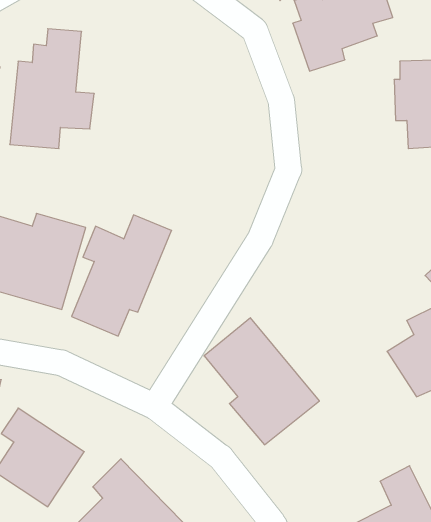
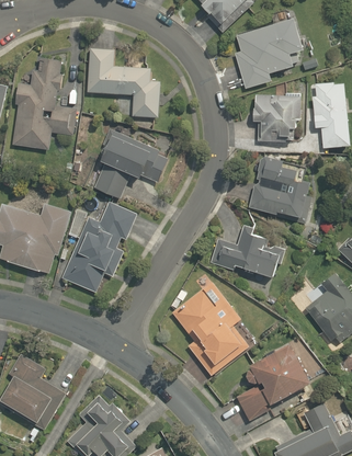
building: none -> [86,49,160,119]
building: none -> [251,94,306,145]
building: none -> [89,132,171,201]
building: none -> [246,155,314,224]
building: none -> [206,227,284,278]
building: none -> [232,341,316,422]

